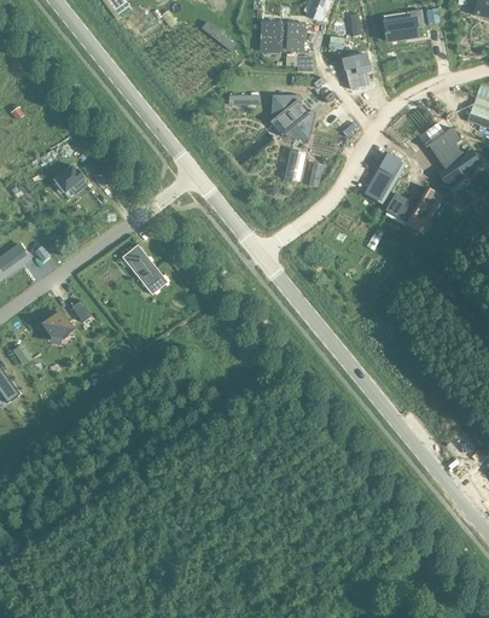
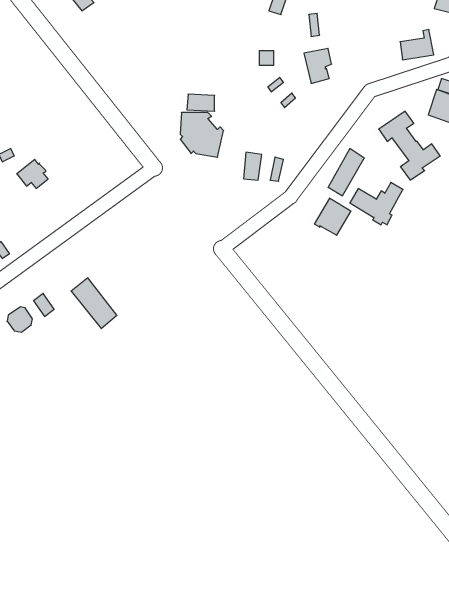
building: [384,10,418,40] -> [400,30,434,60]
building: [261,21,303,51] -> none
building: [268,101,312,146] -> [180,113,224,157]
building: none -> [315,198,351,235]
building: [121,243,167,293] -> [71,278,117,329]

